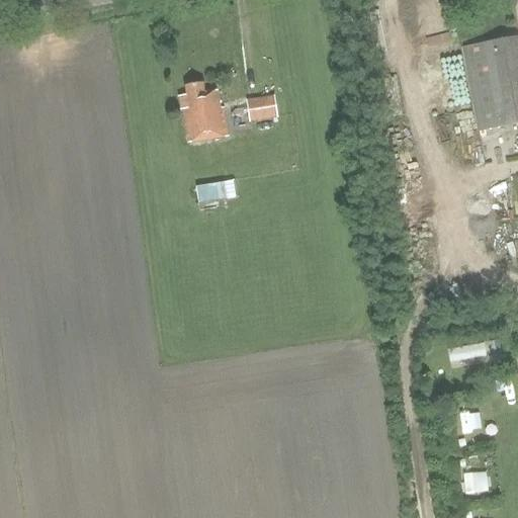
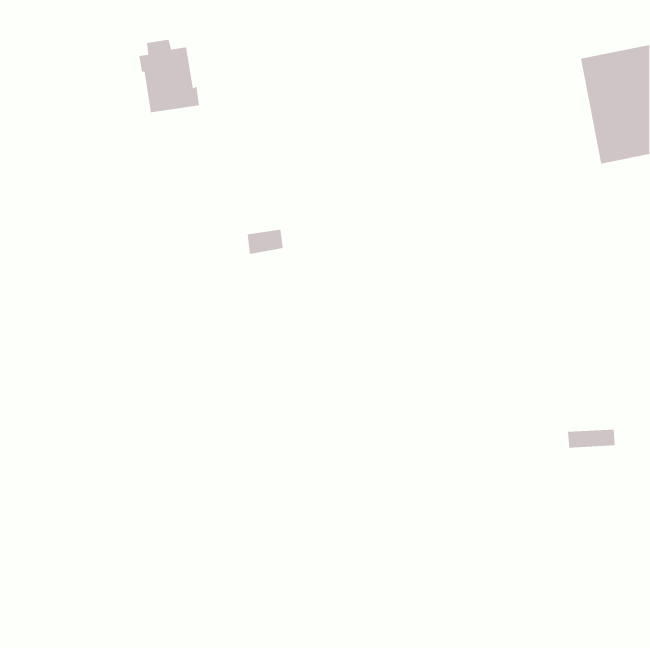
building: [179,83,228,142] -> [139,39,200,113]
building: [247,95,277,120] -> none

